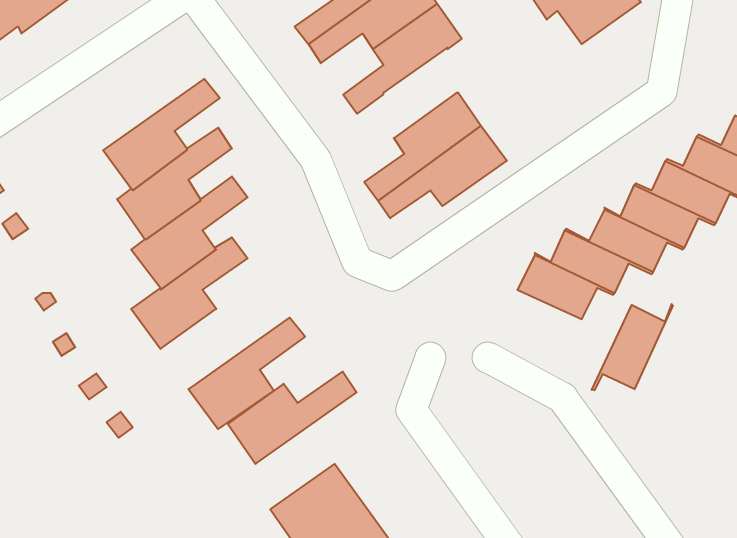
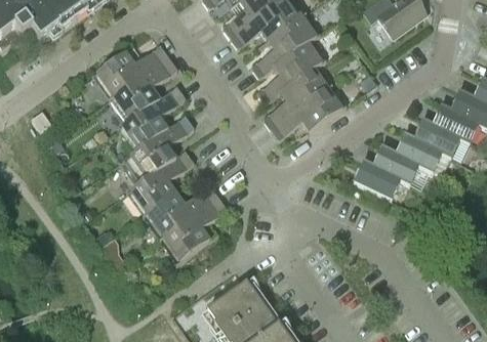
building: none -> [256,37,326,101]
building: none -> [92,43,168,97]
building: [592,304,673,390] -> none
building: [228,372,357,464] -> [143,183,218,238]

